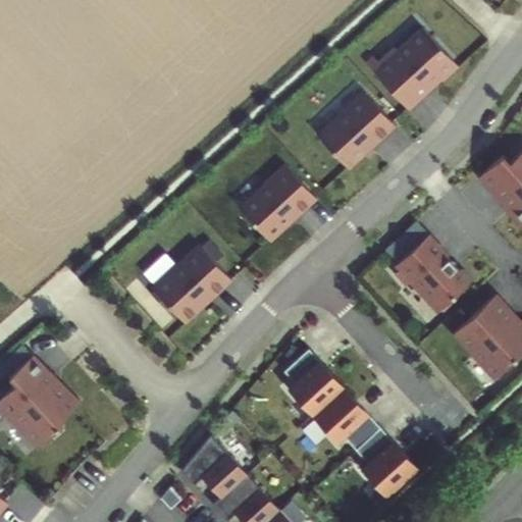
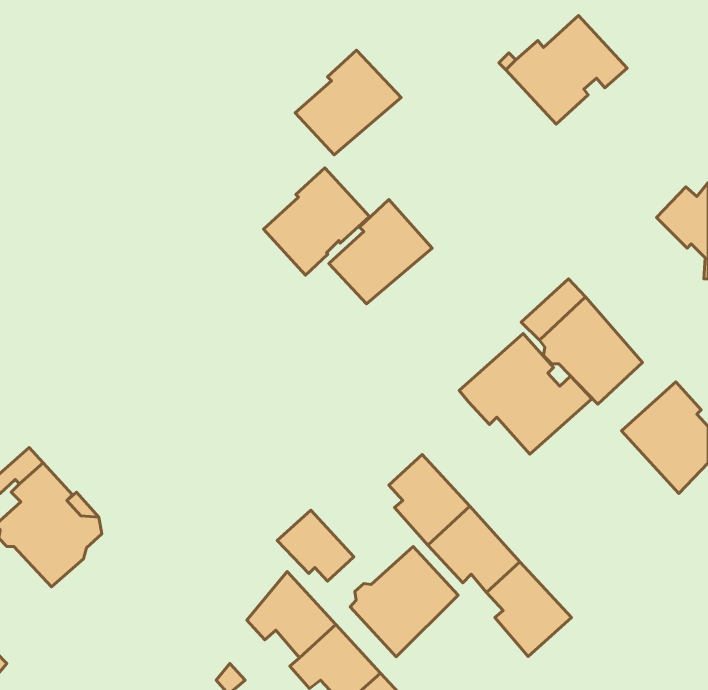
building: [318,90,396,166] -> [295,50,401,155]
building: [154,244,231,322] -> [264,168,370,275]
building: none -> [459,333,592,454]
building: none -> [277,510,354,581]
building: none -> [350,547,458,657]

